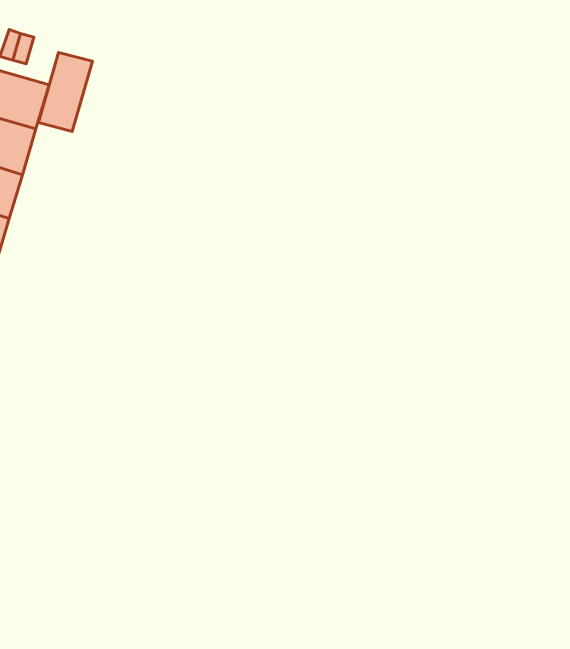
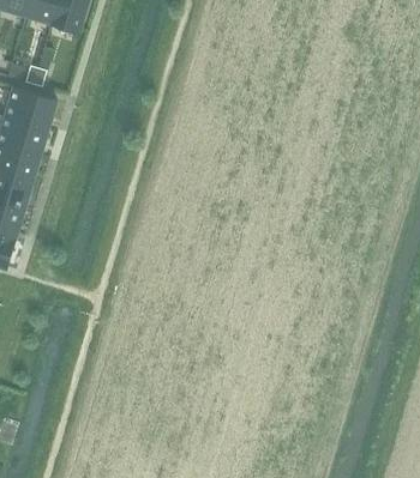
building: [38,52,92,131] -> none

